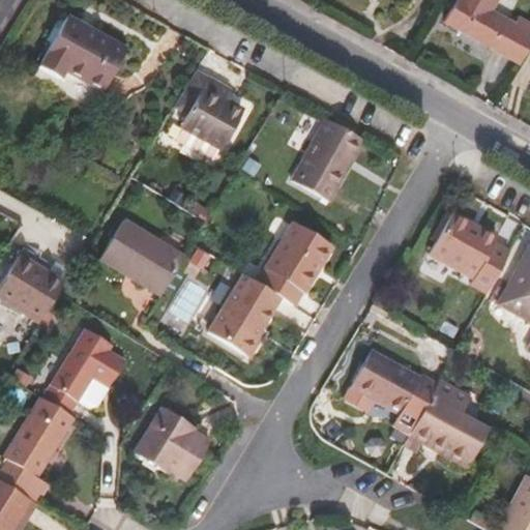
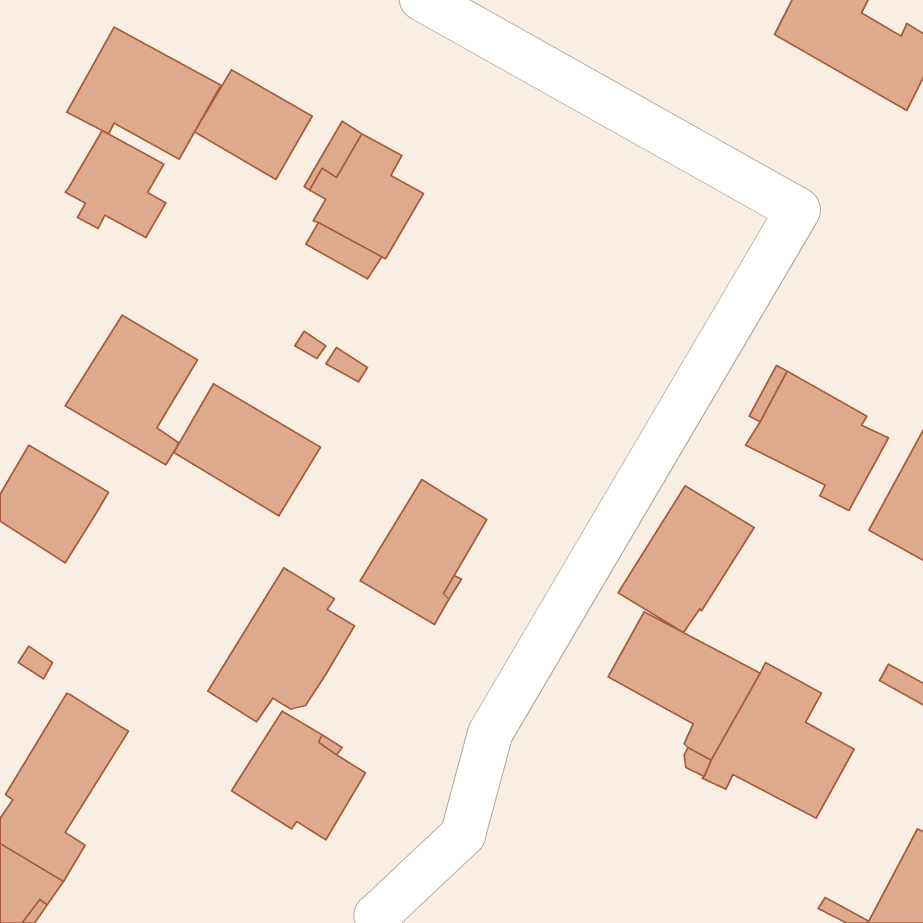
building: none -> [195,70,312,179]
building: none -> [65,131,166,237]
building: [291,118,364,202] -> none
building: none -> [65,315,197,465]
building: [256,222,333,305] -> [618,486,754,633]
building: [41,327,125,415] -> [208,568,354,722]

